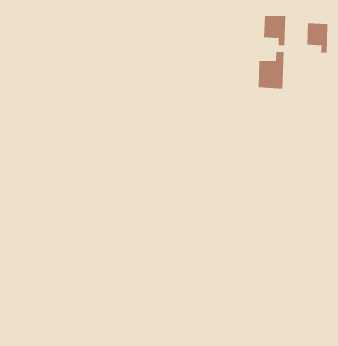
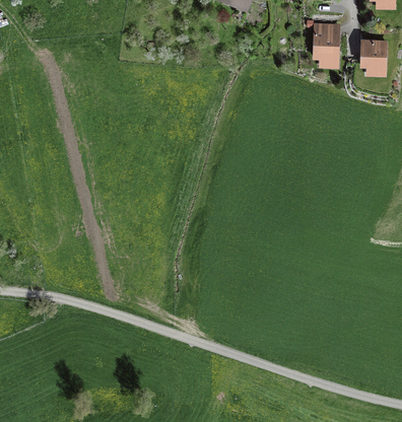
building: [258,51,284,89] -> none

